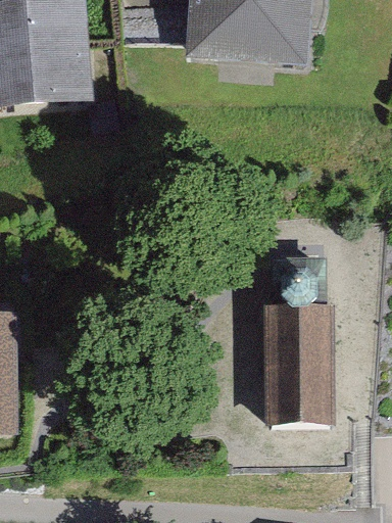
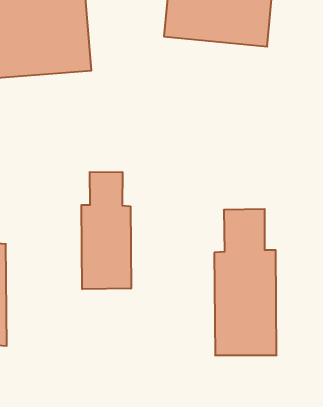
building: none -> [81,172,131,289]

